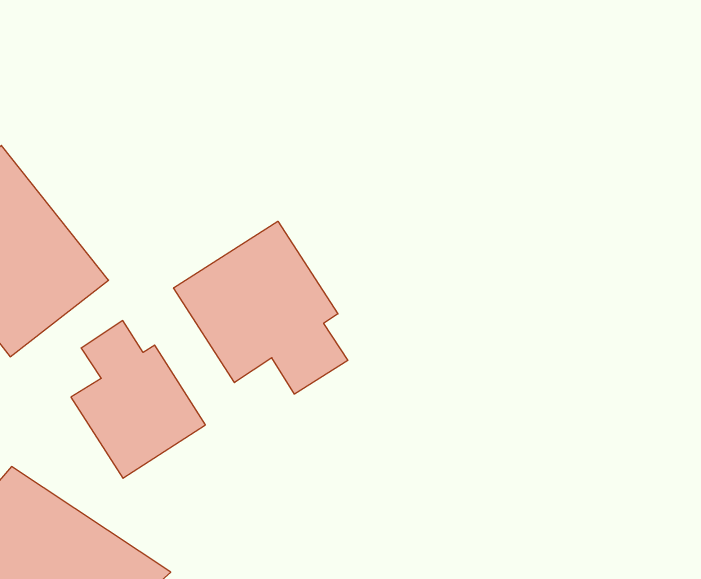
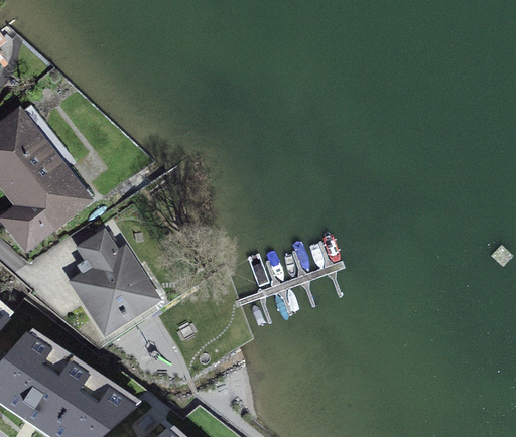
building: [174,221,348,394] -> none

